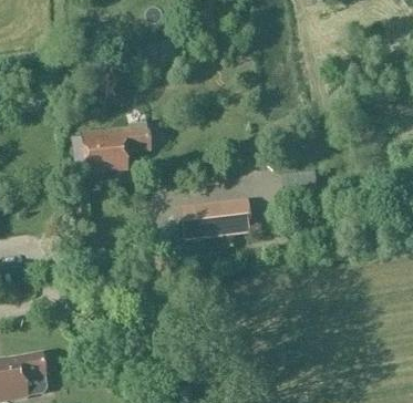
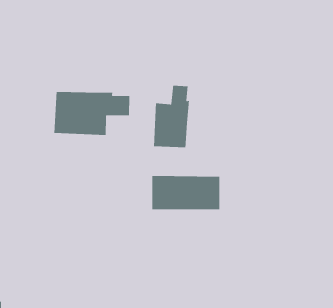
building: none -> [153,85,190,148]

